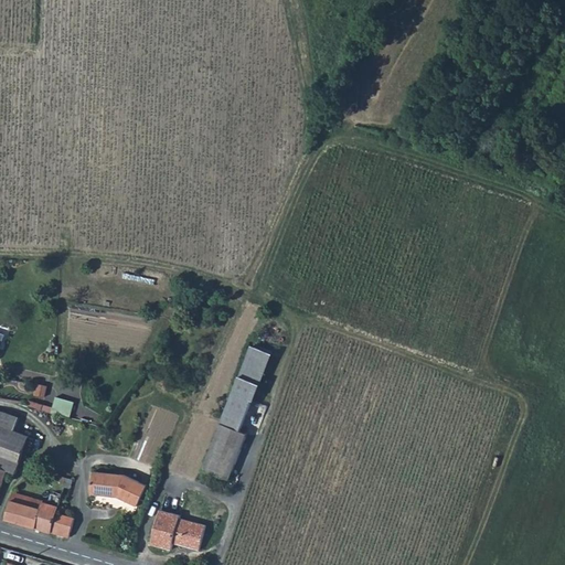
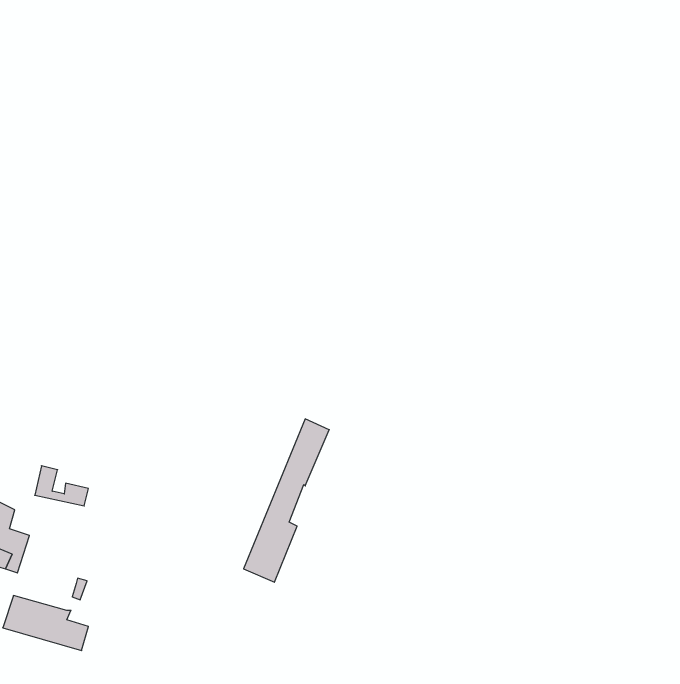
building: [89,470,143,504] -> none
building: [149,511,203,551] -> none

